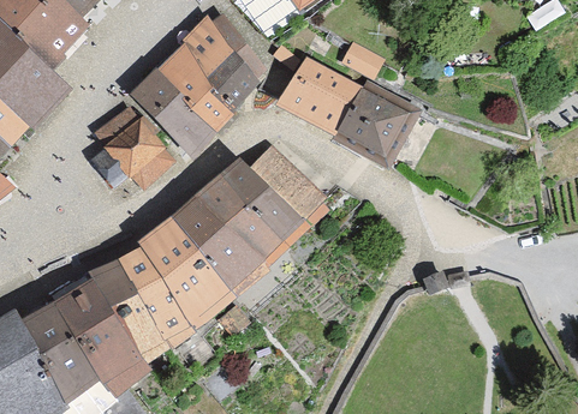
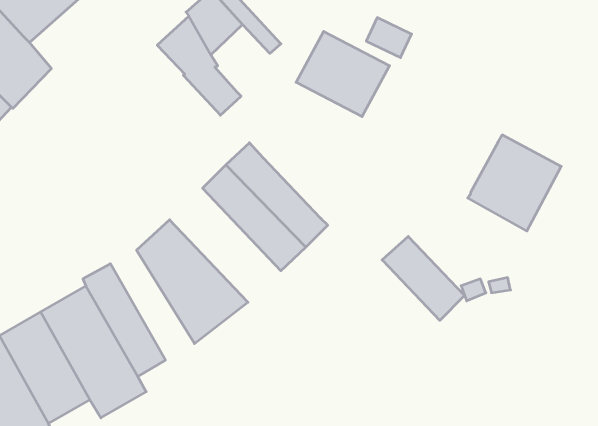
building: [205,52,260,110] -> none
building: [133,70,214,154] -> none
building: [335,82,417,166] -> [468,135,561,231]
building: [90,109,173,188] -> none
building: [251,148,323,221] -> [382,236,465,320]
building: [169,194,267,294] -> none
building: [118,248,191,344] -> none

